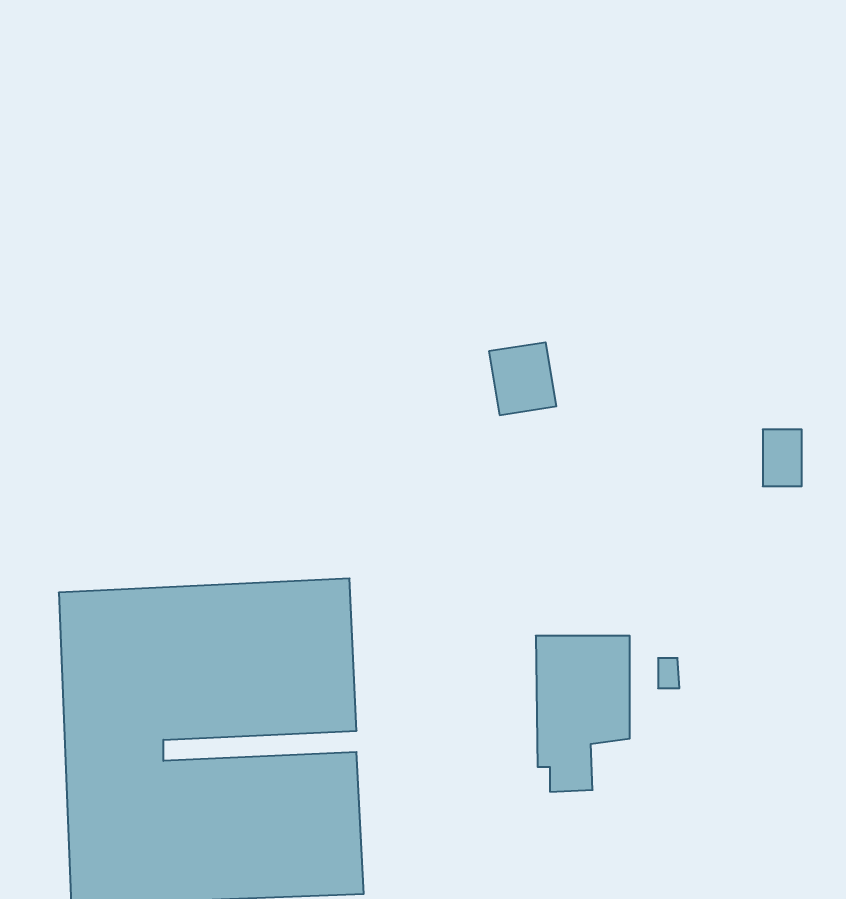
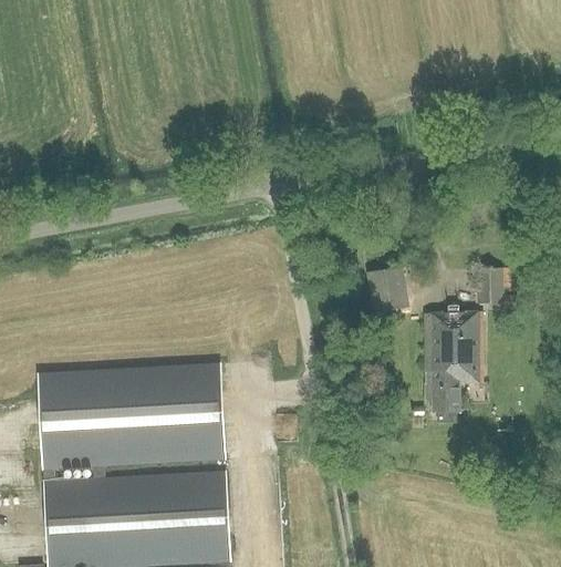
building: [489,342,556,415] -> [365,269,407,315]
building: [536,636,630,792] -> [424,317,482,414]

